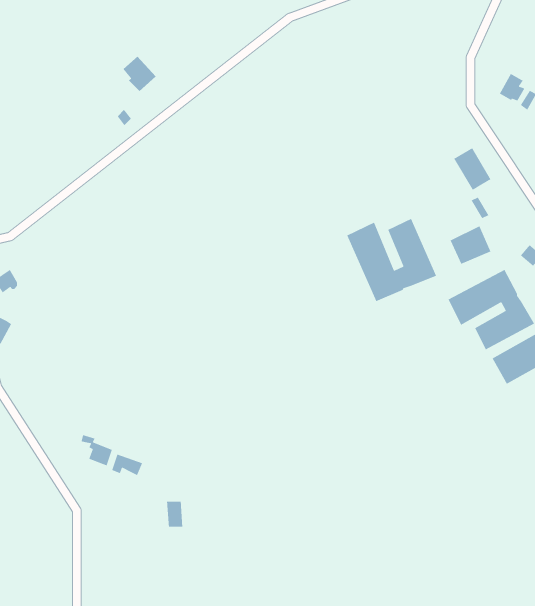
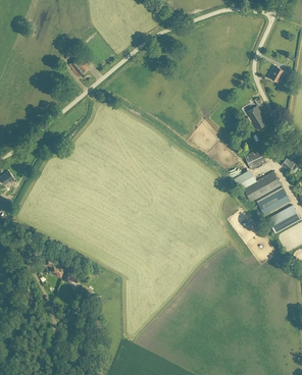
building: [346,218,437,302] -> none

